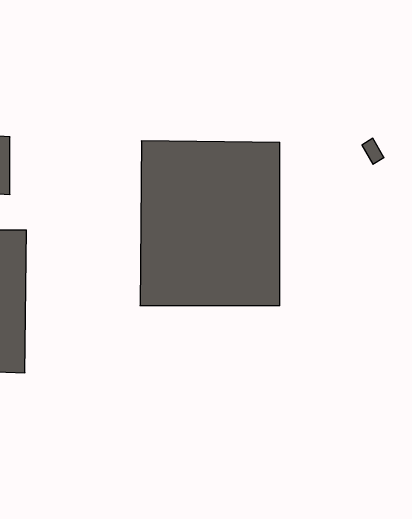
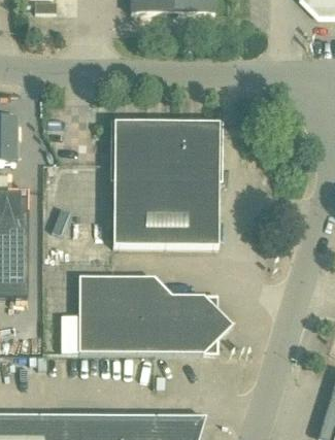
building: none -> [77,274,231,351]

